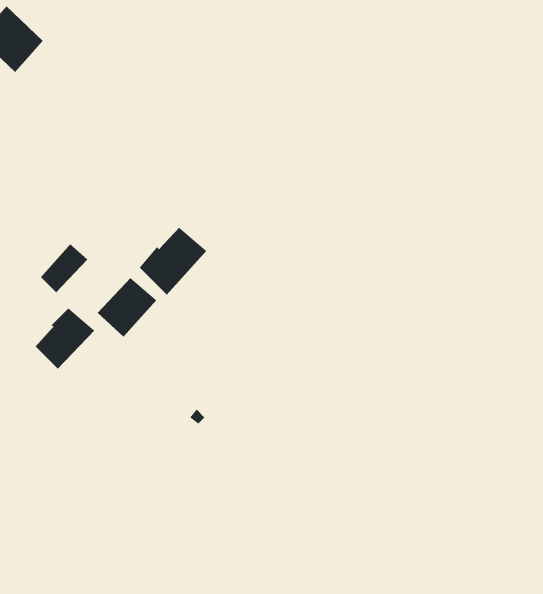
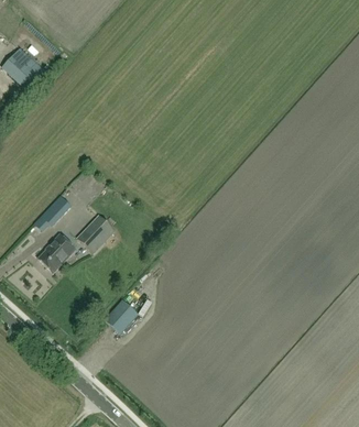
building: [139,227,207,295] -> none
building: none -> [105,298,138,332]

